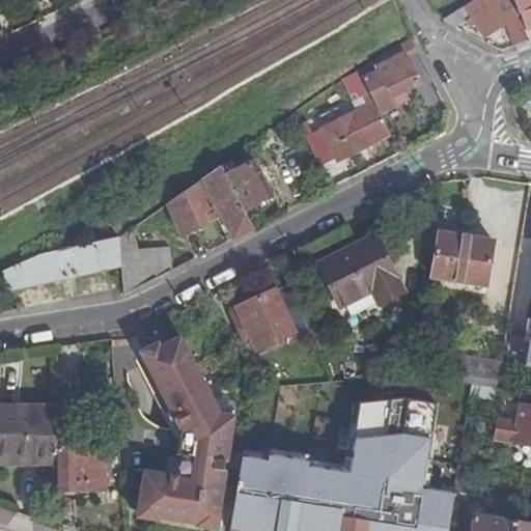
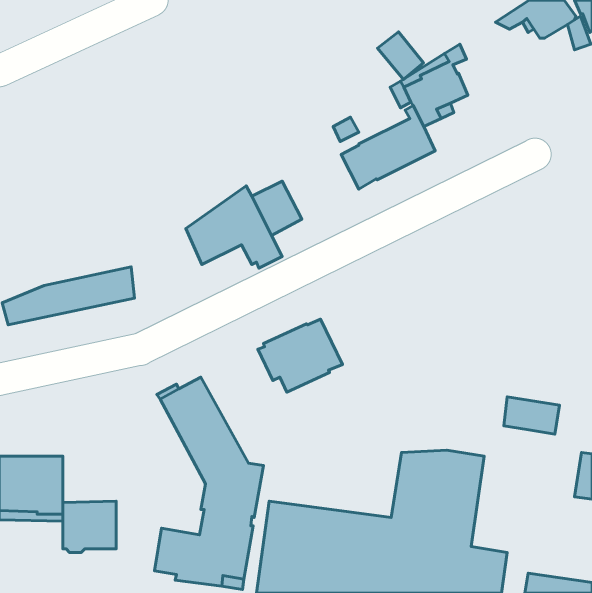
building: none -> [377,32,424,79]
building: [117,228,170,295] -> none
building: [431,232,493,285] -> none
building: [317,236,401,306] -> none

